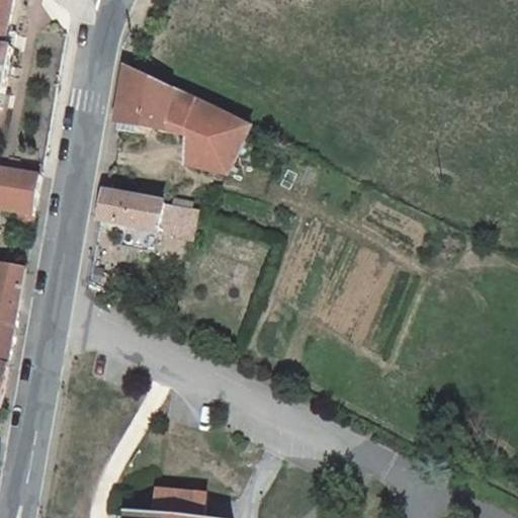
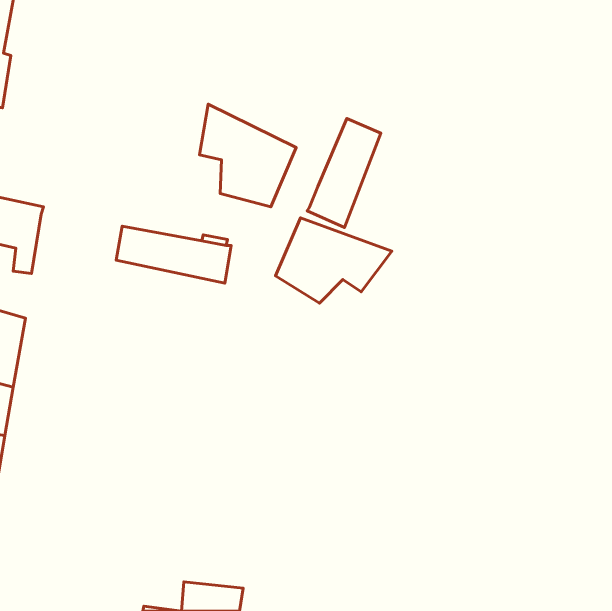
building: [115,64,174,130] -> none
building: none -> [307,119,381,228]
building: none -> [275,218,392,303]

